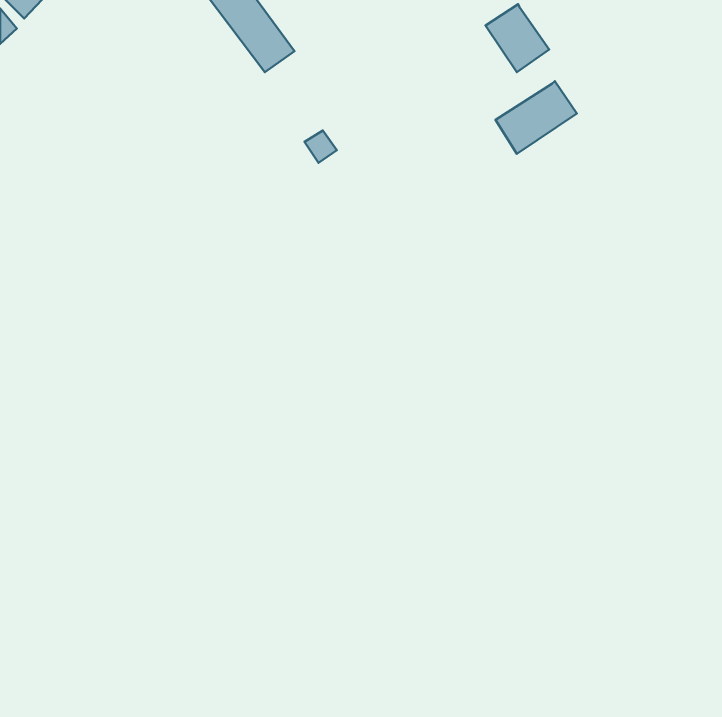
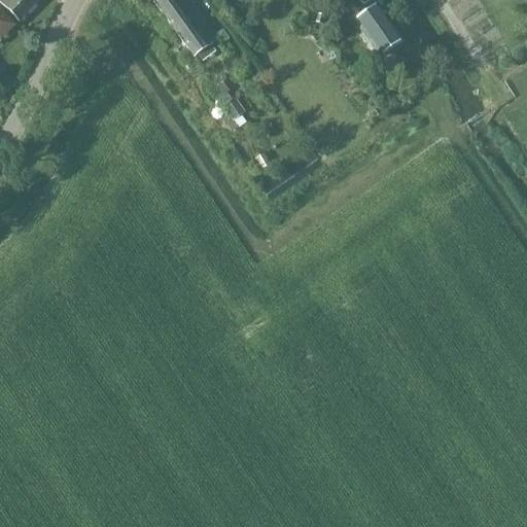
building: [496,81,577,154] -> none

